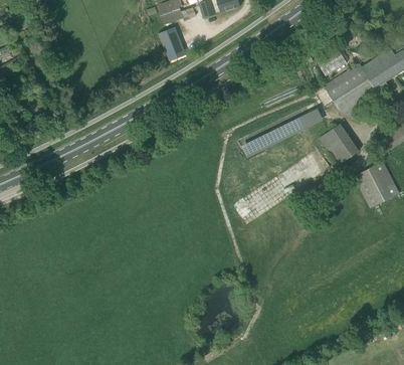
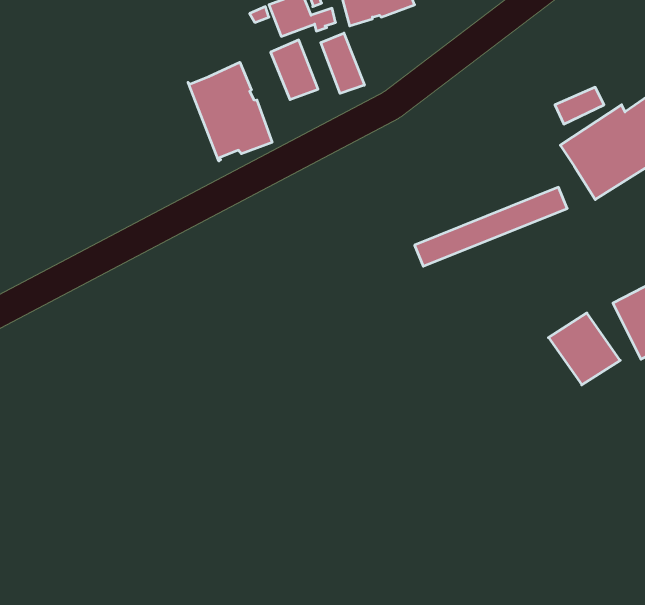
building: none -> [321,33,364,93]
building: none -> [188,62,272,161]
building: [319,124,360,165] -> [548,313,620,385]

